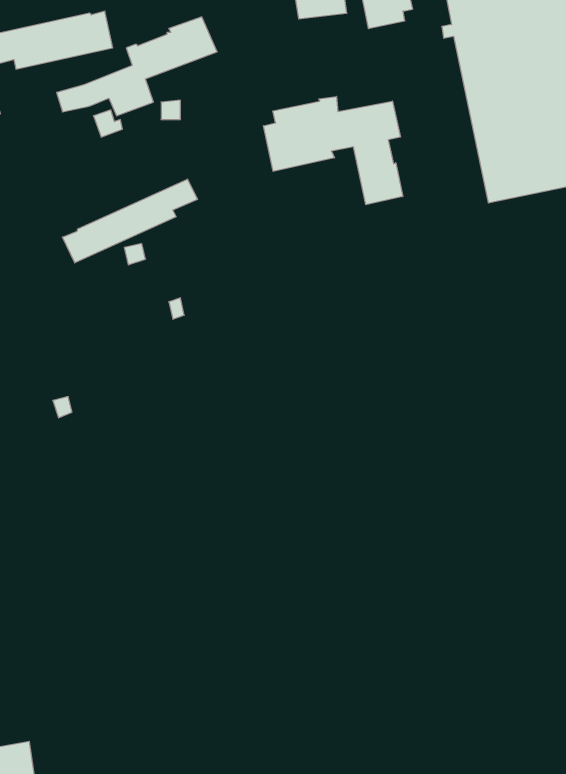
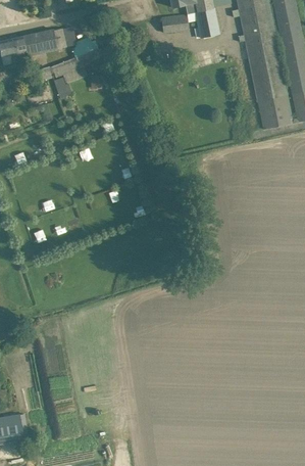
building: [263,96,403,205] -> none
building: [62,179,197,263] -> none

